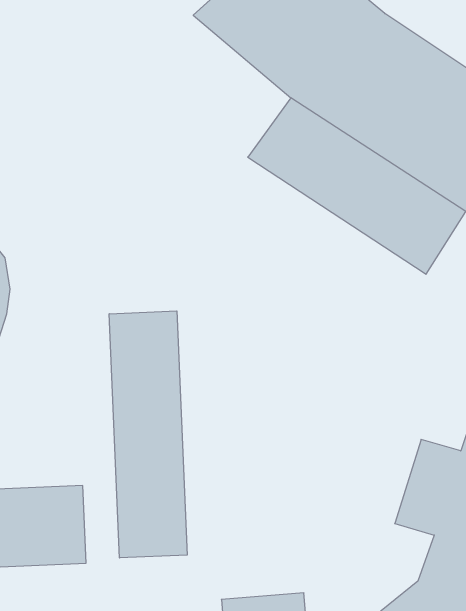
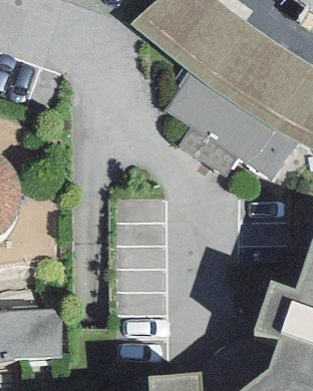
building: [109,311,187,558] -> none

